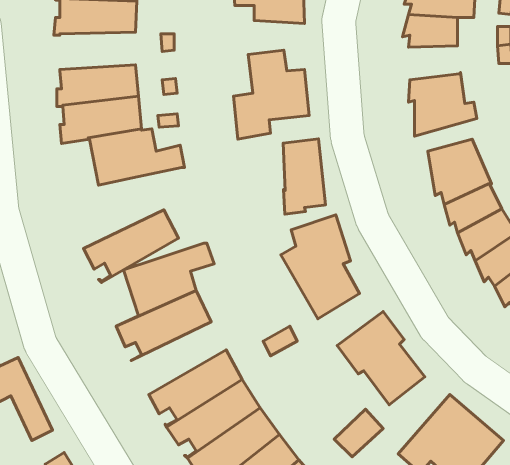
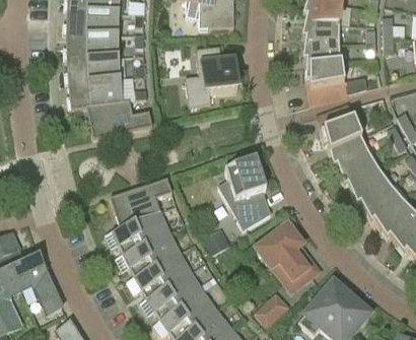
building: none -> [64,33,119,60]
building: none -> [302,43,340,66]
building: [283,139,325,214] -> none
building: [84,210,179,283] -> [116,231,181,281]

